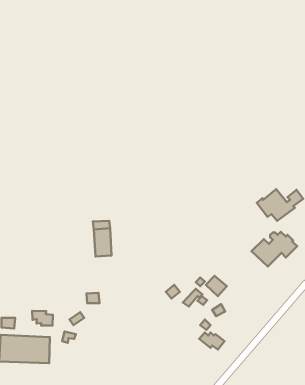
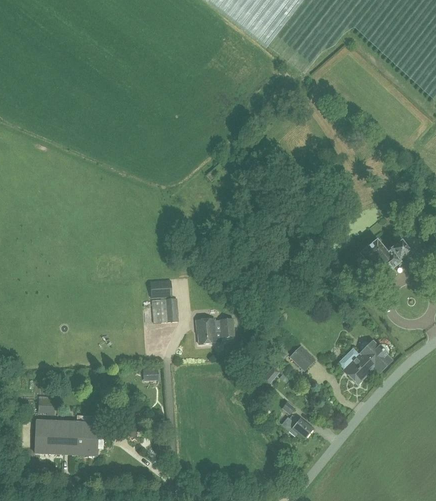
building: [252,232,297,267] -> [337,340,393,383]
building: none -> [196,318,234,343]
building: [32,311,53,326] -> none

